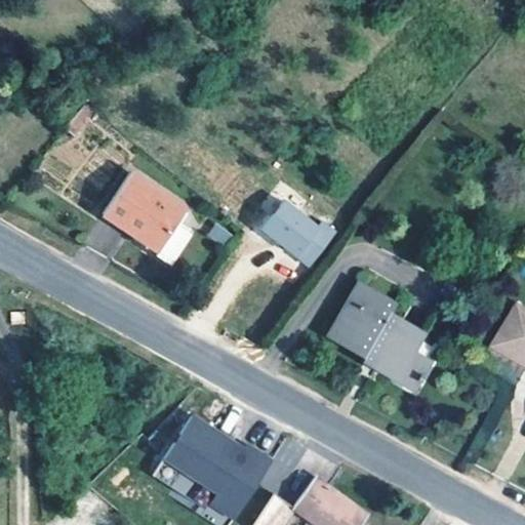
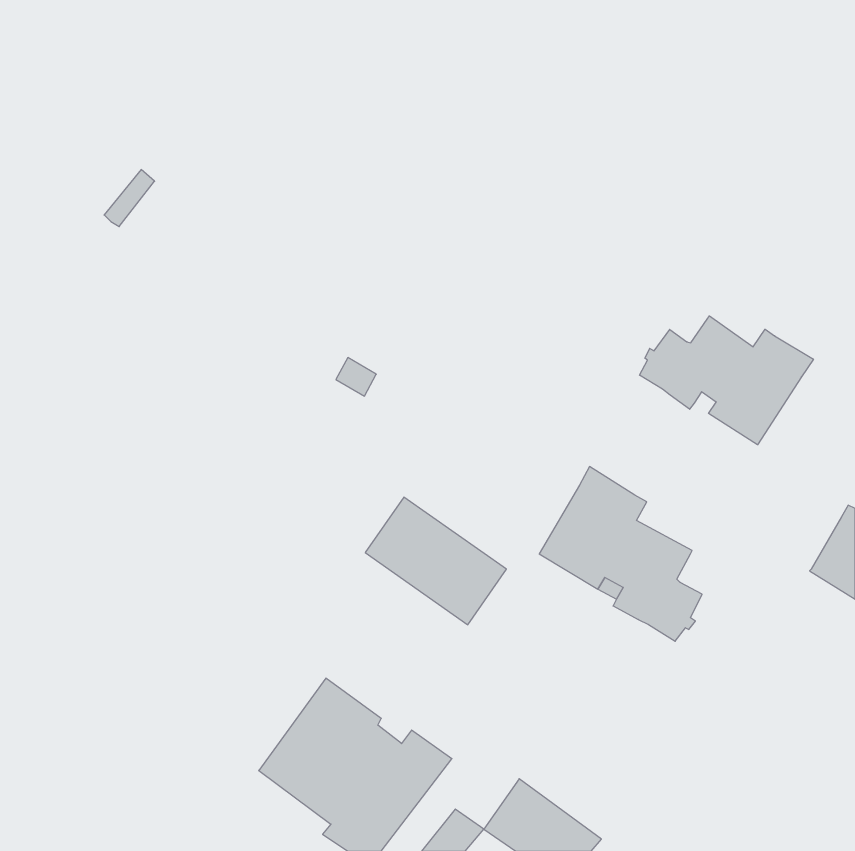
building: [103,175,185,252] -> none
building: [246,186,332,264] -> [365,497,506,625]
building: none -> [640,316,813,445]

